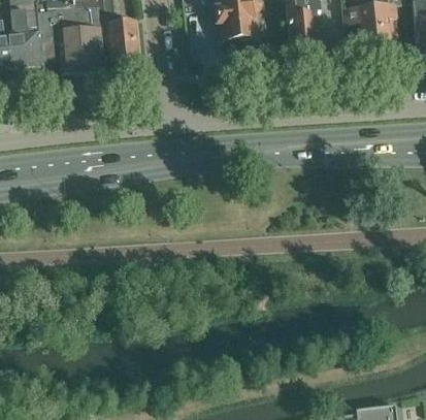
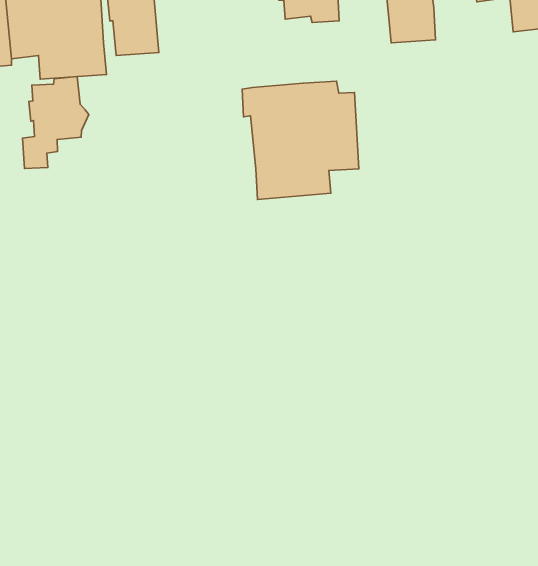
building: none -> [22,77,89,169]
building: none -> [242,81,359,200]

